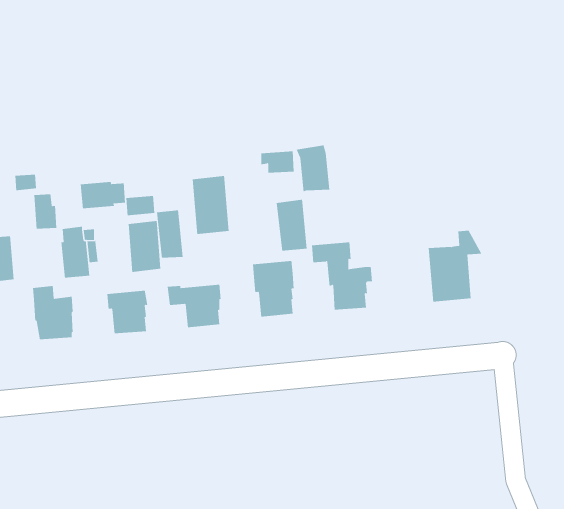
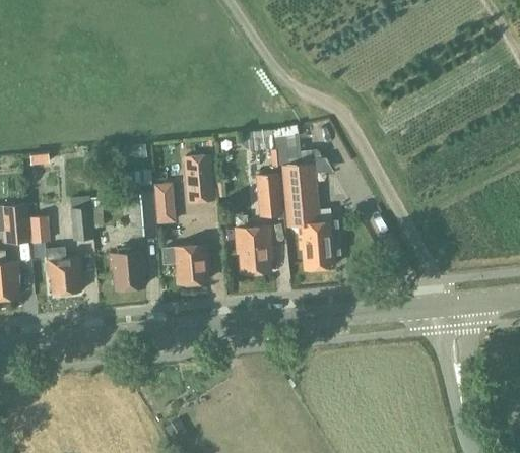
building: [80,181,126,209] -> none
building: [34,194,57,229] -> [31,212,52,243]
building: [428,230,482,302] -> [282,151,329,213]

